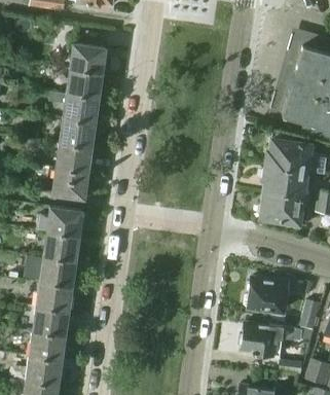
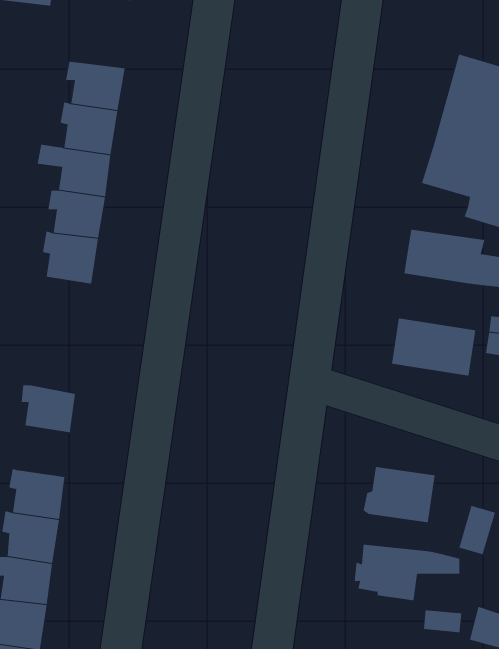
building: [265,165,310,198] -> none
building: [54,166,87,195] -> none
building: [49,204,82,235] -> none
building: [42,253,75,283] -> none

